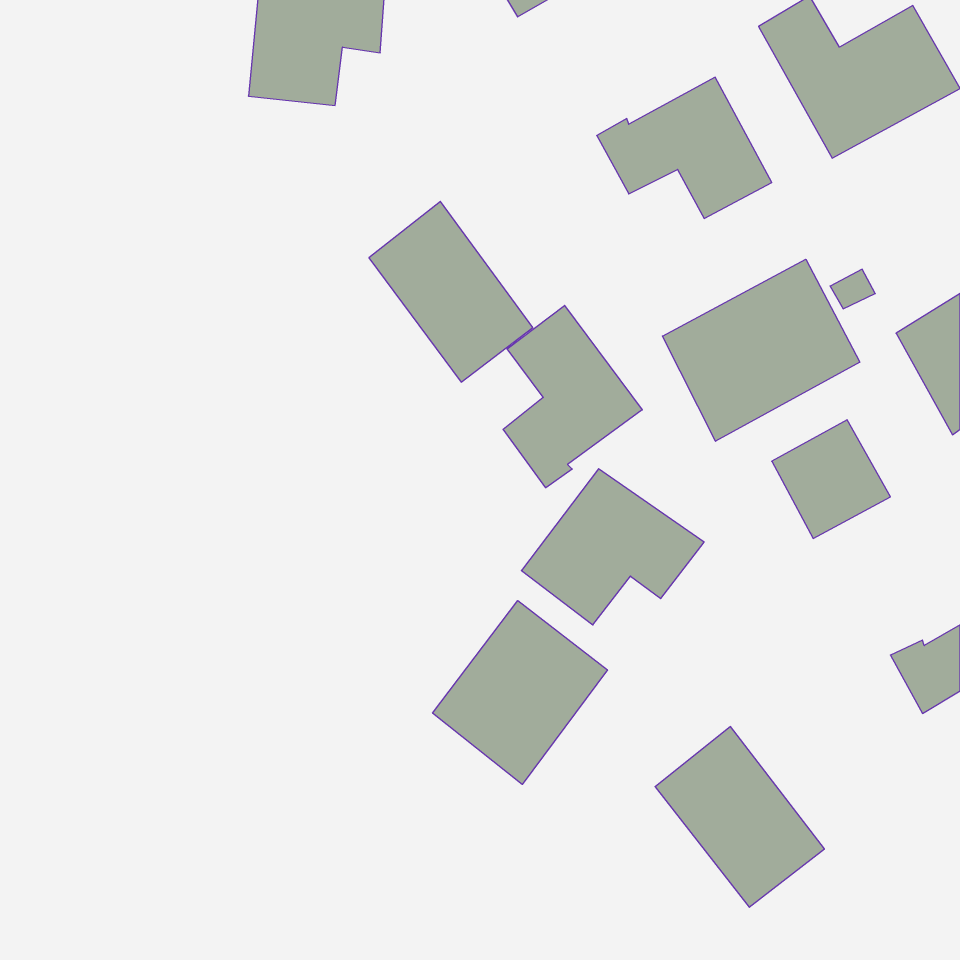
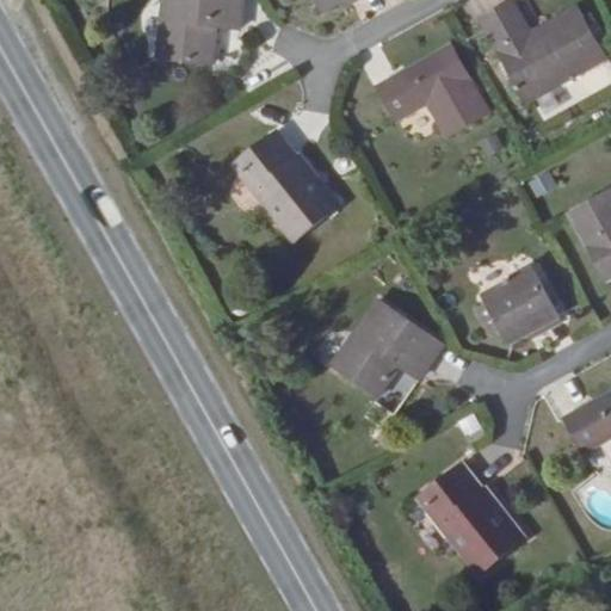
building: [662,259,860,441] -> none
building: [503,305,642,488] -> none
building: [433,601,607,784] -> none

